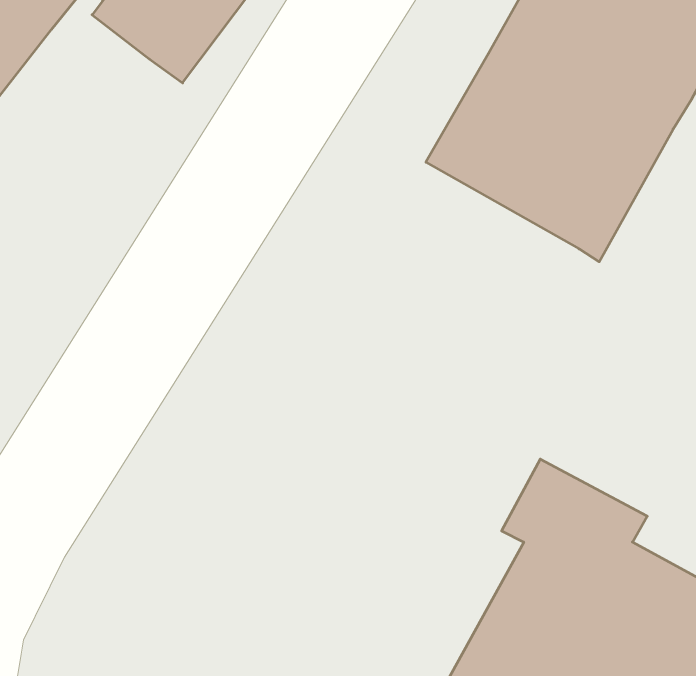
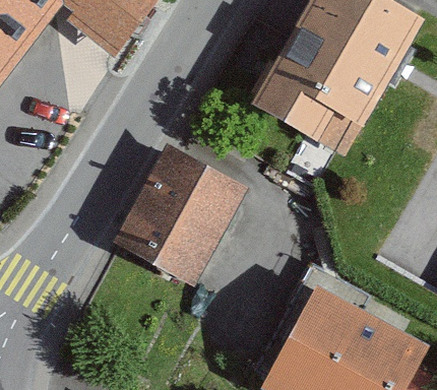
building: none -> [122,148,244,277]

